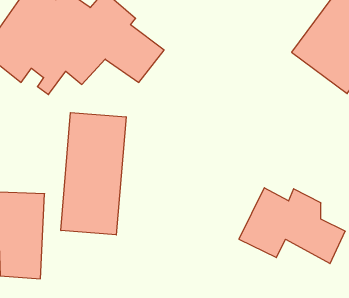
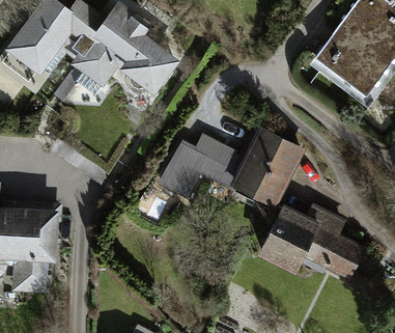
building: [61,113,126,235] -> none
building: none -> [157,126,304,206]

